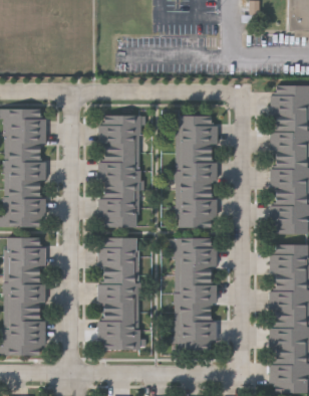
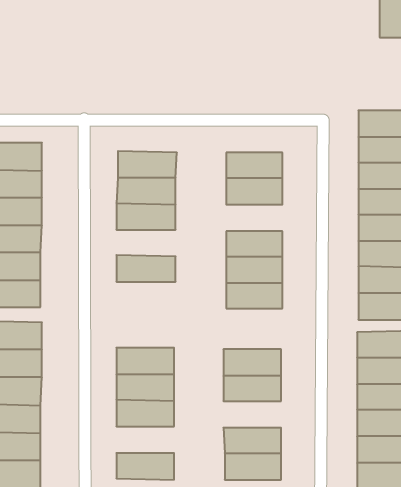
building: [177,152,217,171] -> none
building: [98,170,140,189] -> none
building: [98,207,140,226] -> none
building: [98,236,139,254] -> none
building: [175,236,216,255] -> none
building: [175,292,216,312] -> none
building: [98,311,139,330] -> none

